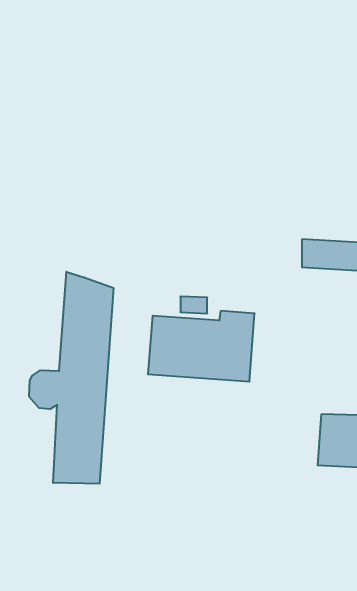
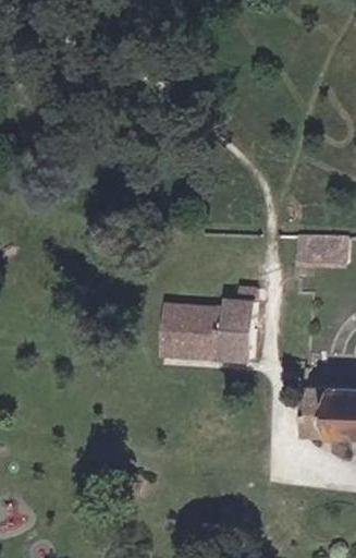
building: [29,272,113,484] -> none

